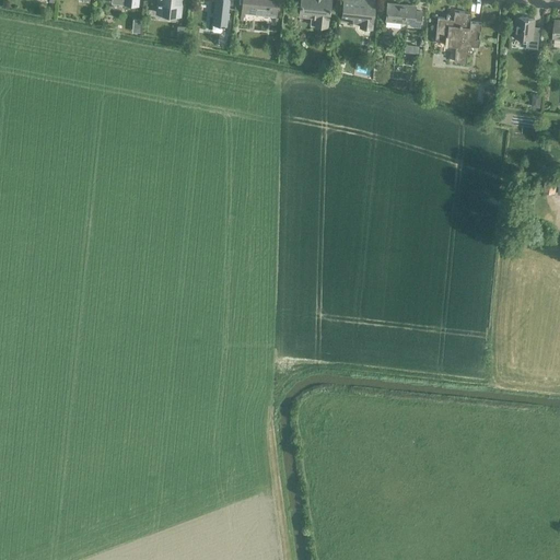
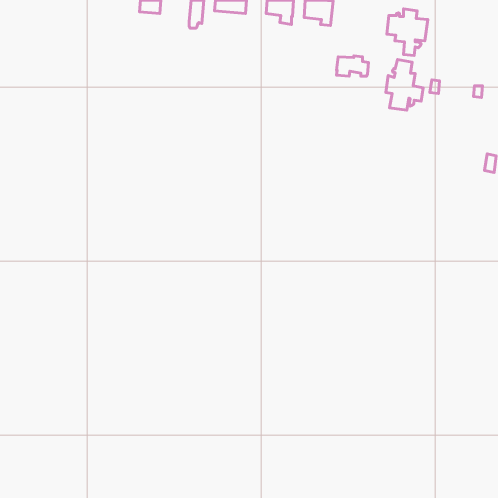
building: [385,4,421,27] -> [336,56,369,76]
building: [514,15,539,48] -> none
building: none -> [386,60,423,110]

